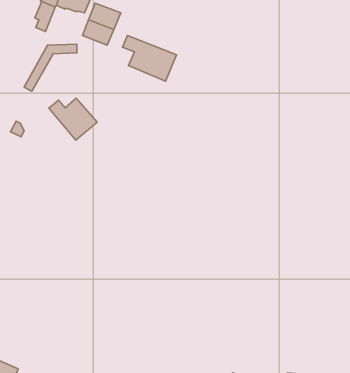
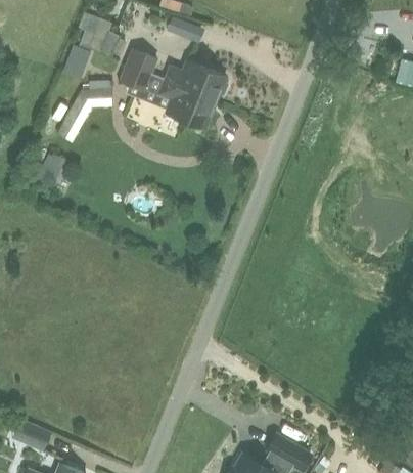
building: none -> [165,60,228,101]
building: [49,98,97,140] -> none

